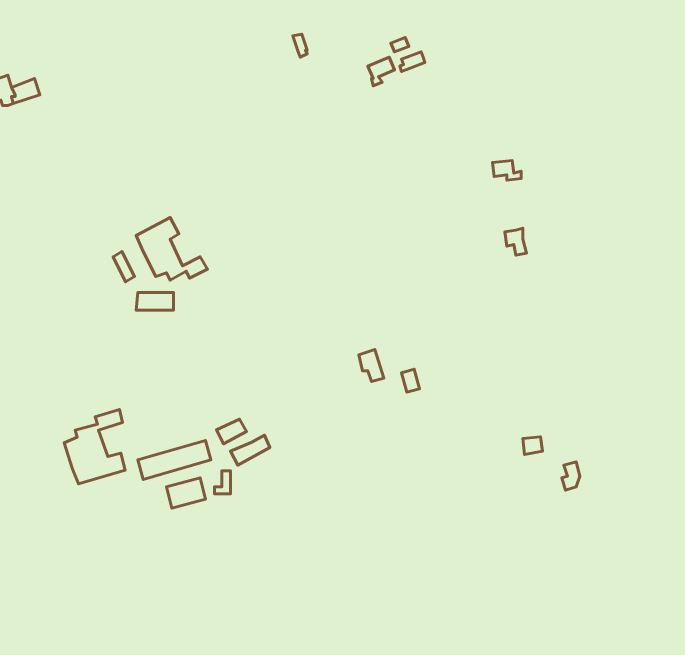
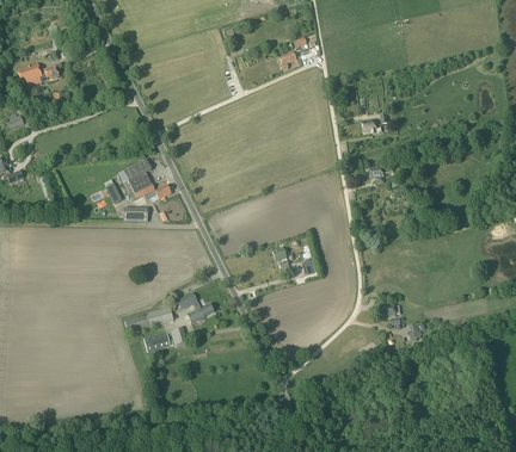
building: [64,409,125,484] -> none

